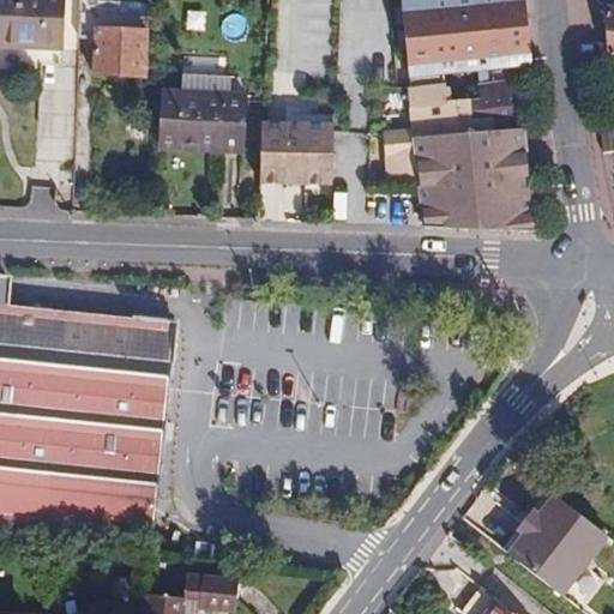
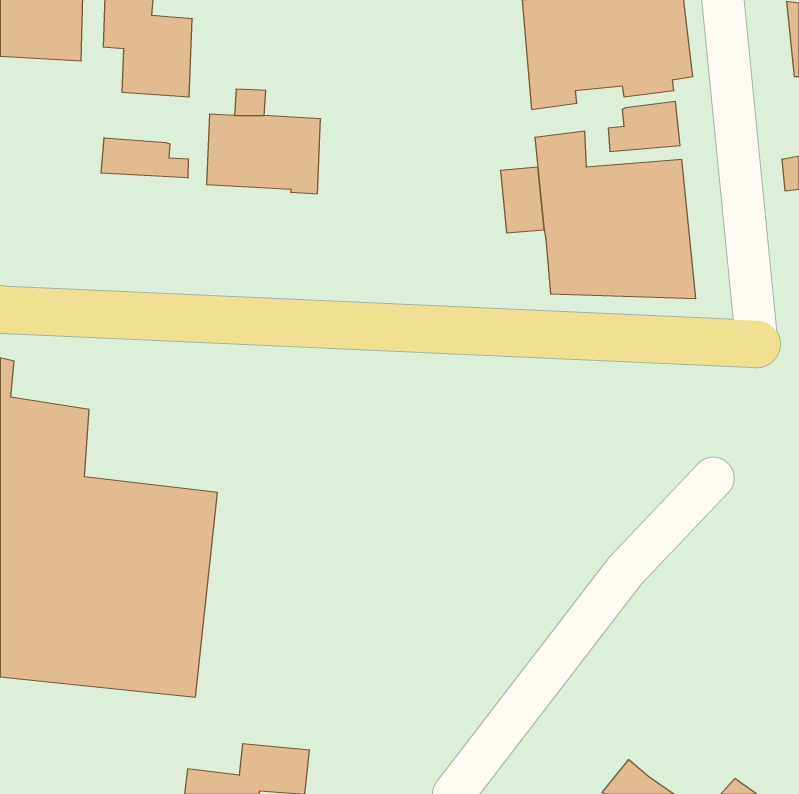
building: none -> [101,138,188,178]
building: [258,120,333,188] -> none
building: [65,314,174,378] -> none
building: [510,492,607,592] -> none

